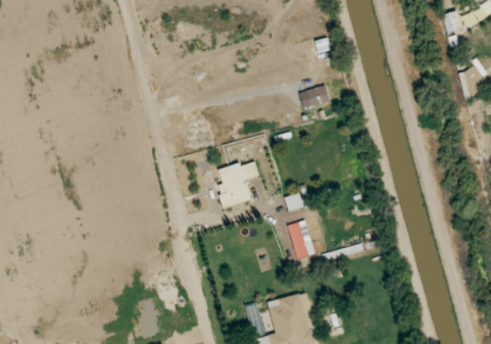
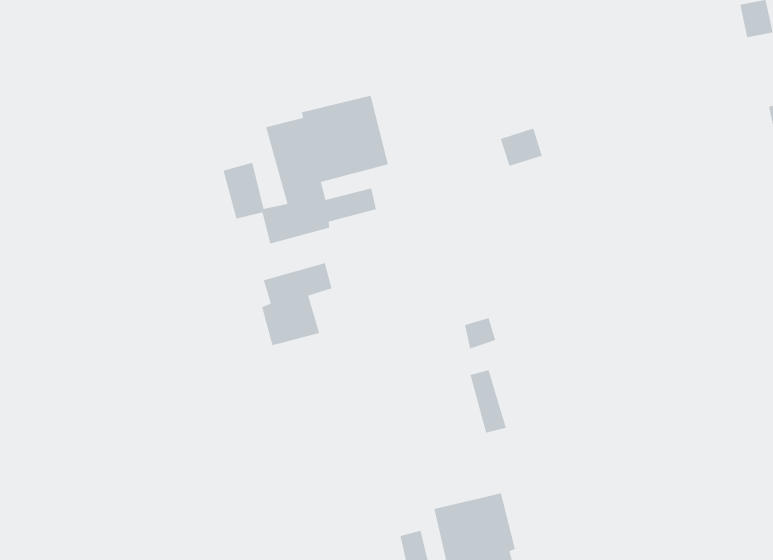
building: none -> [223,95,389,245]
building: [217,159,258,207] -> [261,262,333,346]

